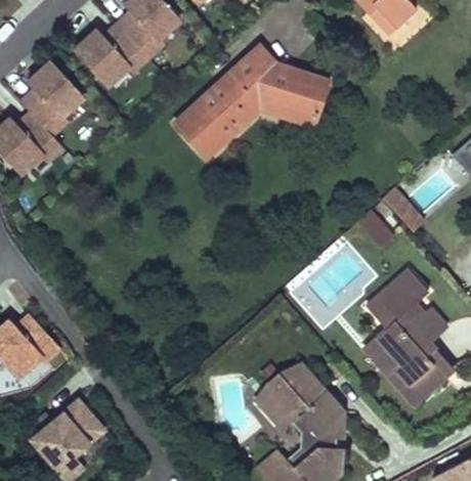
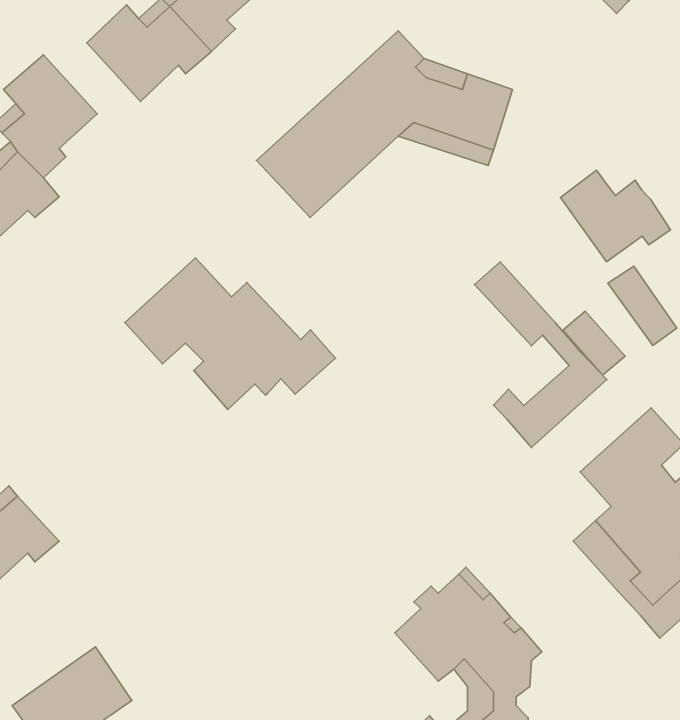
building: none -> [560,170,670,262]
building: none -> [125,258,335,409]
building: none -> [474,262,607,447]

